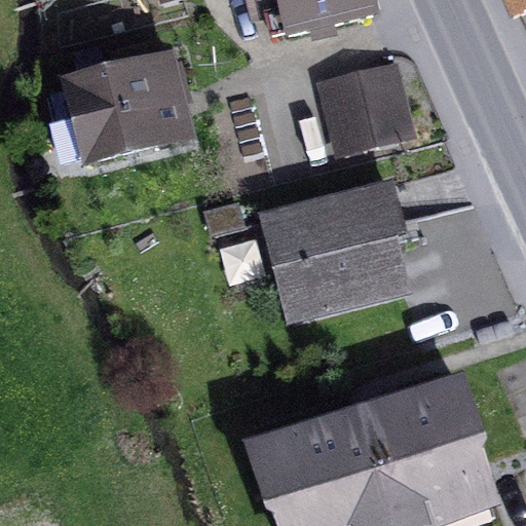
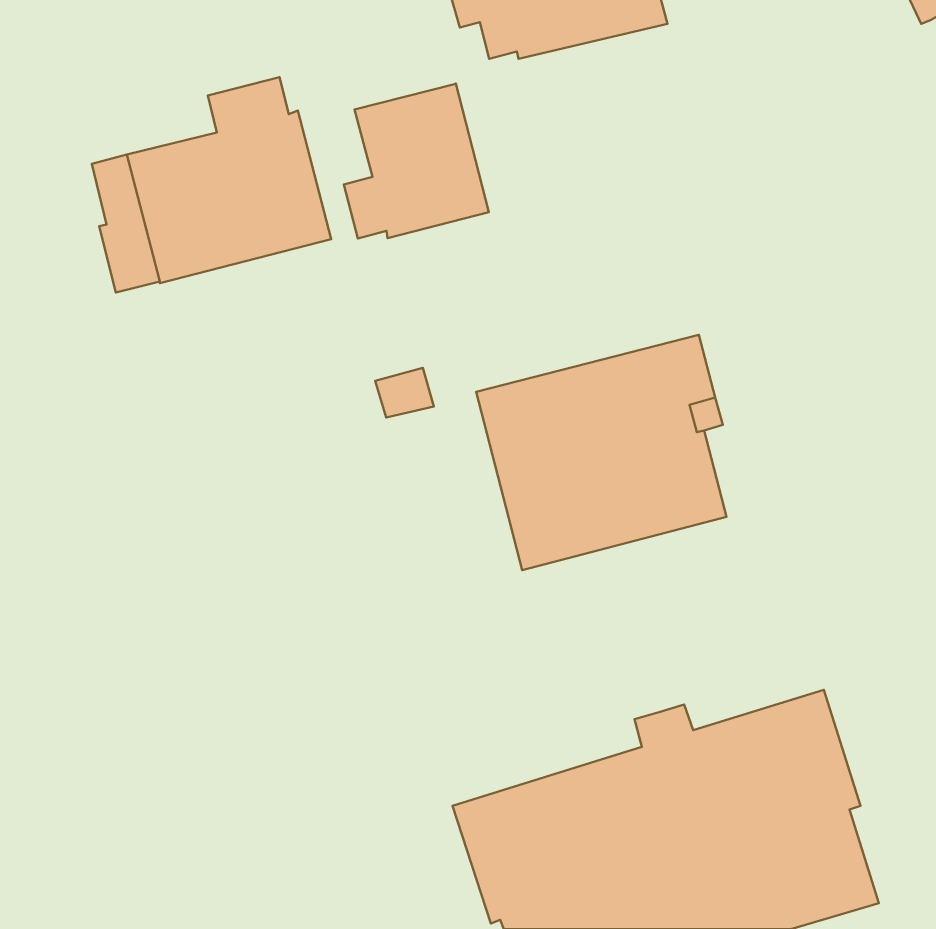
building: none -> [344,83,489,238]
building: [332,77,409,147] -> none

